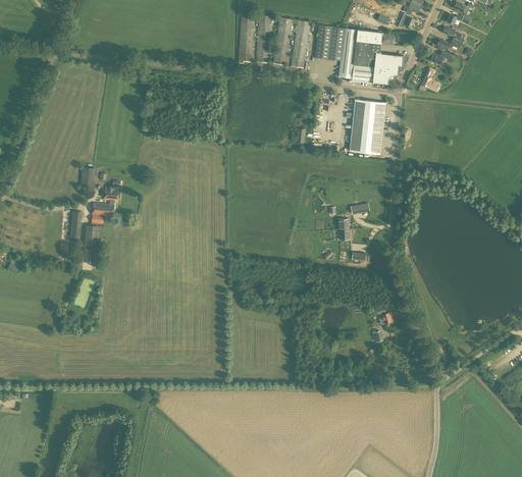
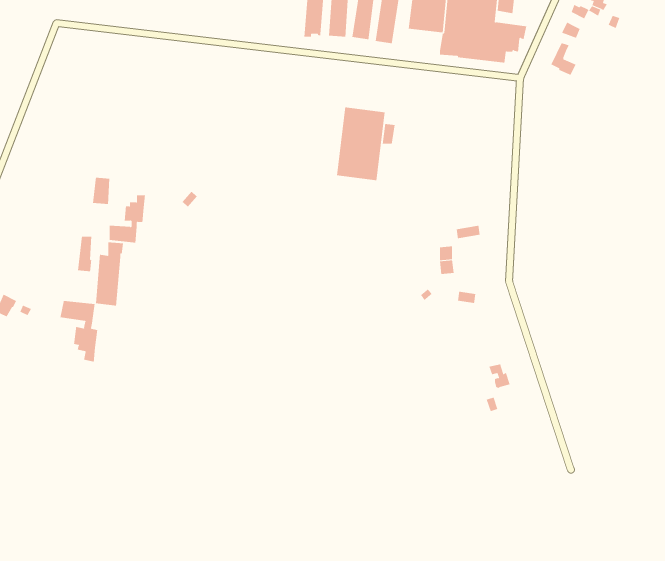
building: [348,99,384,154] -> [336,107,386,181]
building: none -> [60,300,98,362]

